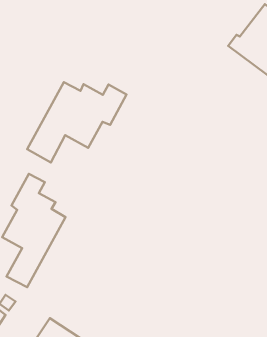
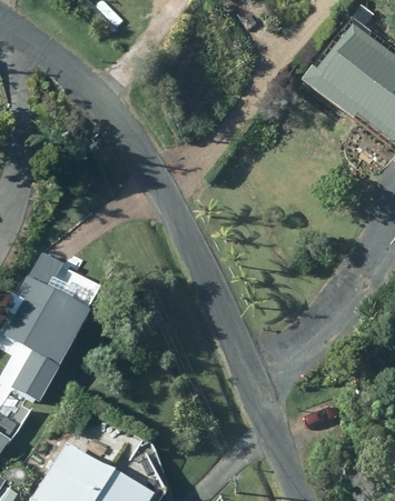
building: [27,82,127,163] -> none

